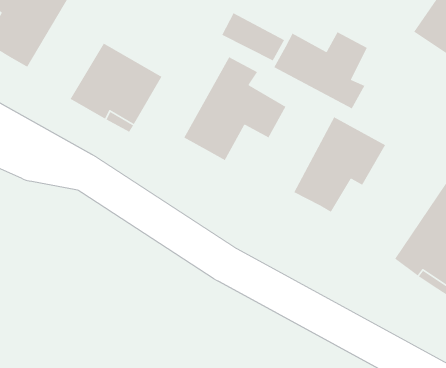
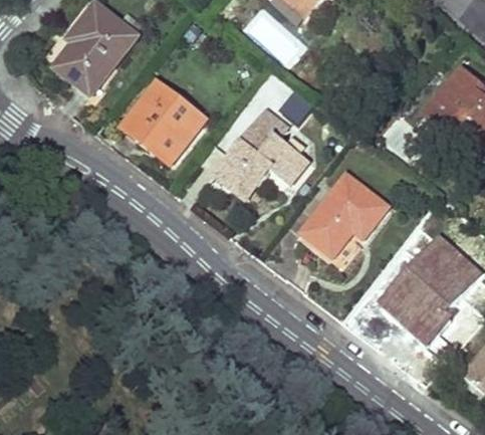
building: [273,31,368,110] -> none

